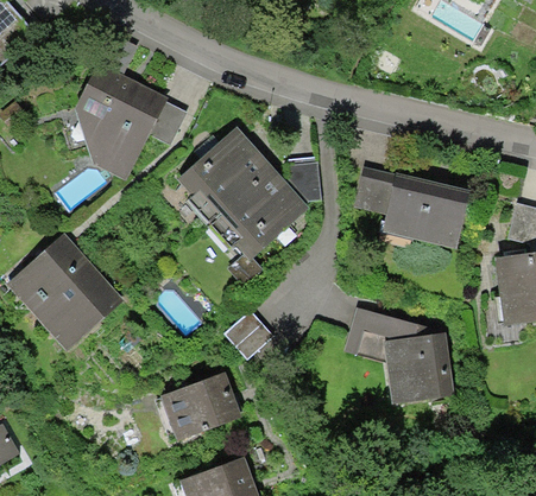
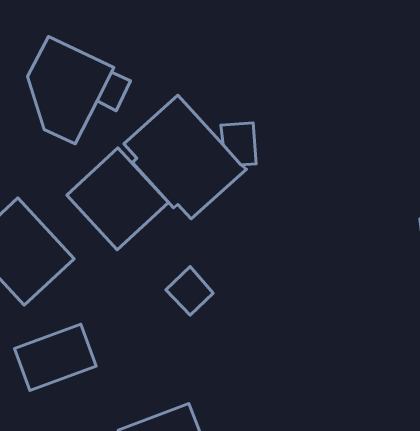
building: [355,167,473,248] -> none
building: none -> [67,148,169,250]
building: [343,307,456,403] -> none
building: [156,371,244,443] -> [14,324,96,390]

